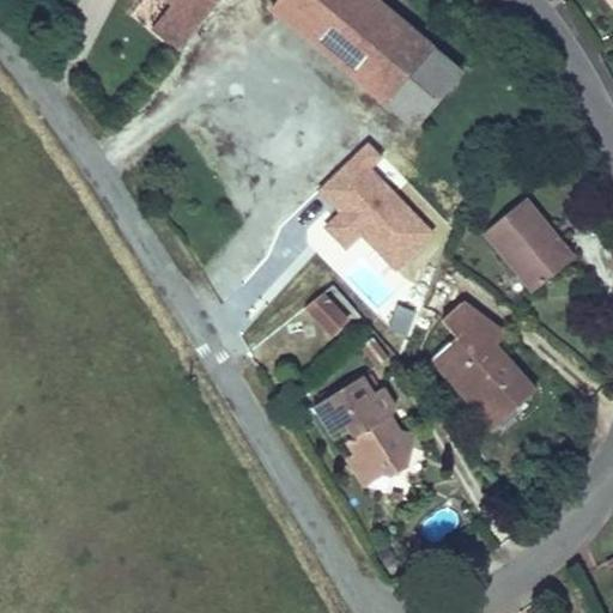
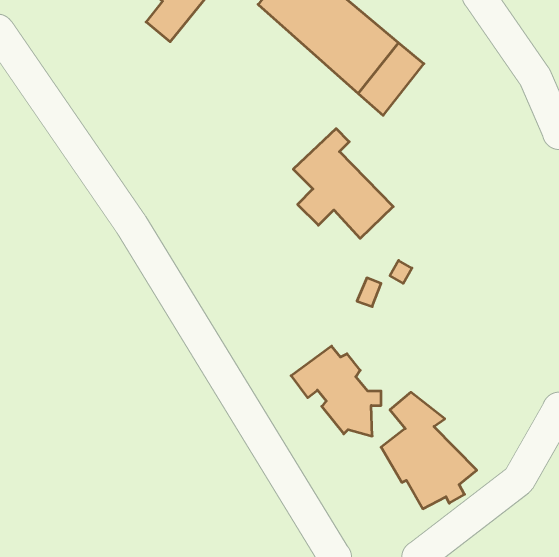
building: [481,204,568,296] -> none
building: [302,283,352,333] -> none
building: [433,301,538,427] -> [381,392,477,509]

